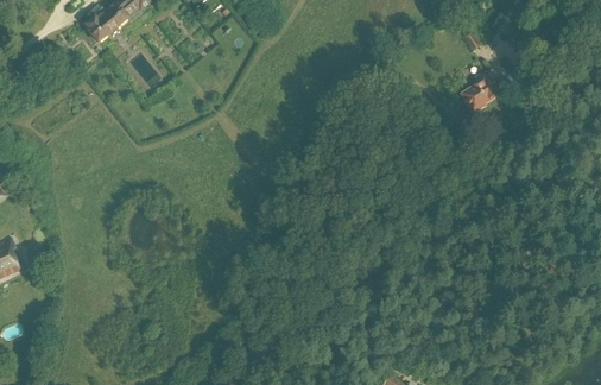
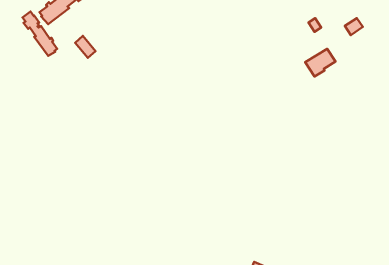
building: none -> [23,11,57,56]

